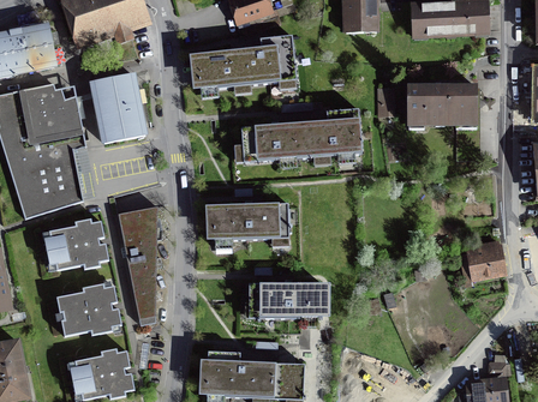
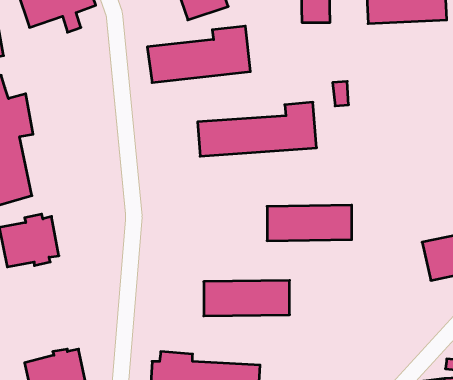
building: [91,72,144,140] -> none
building: [407,88,483,134] -> none
building: [118,206,159,317] -> none
building: [205,206,288,241] -> [267,205,352,241]
building: [58,283,122,336] -> none

